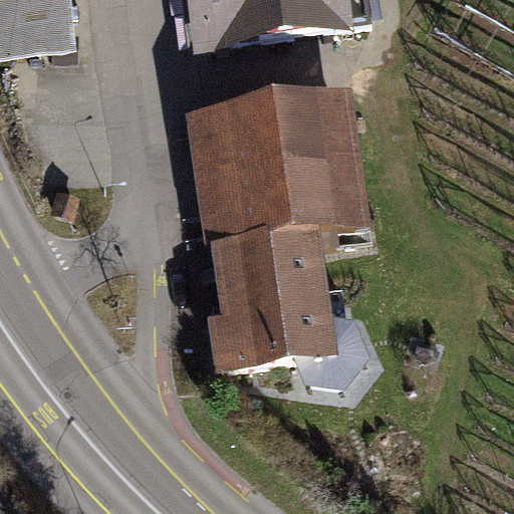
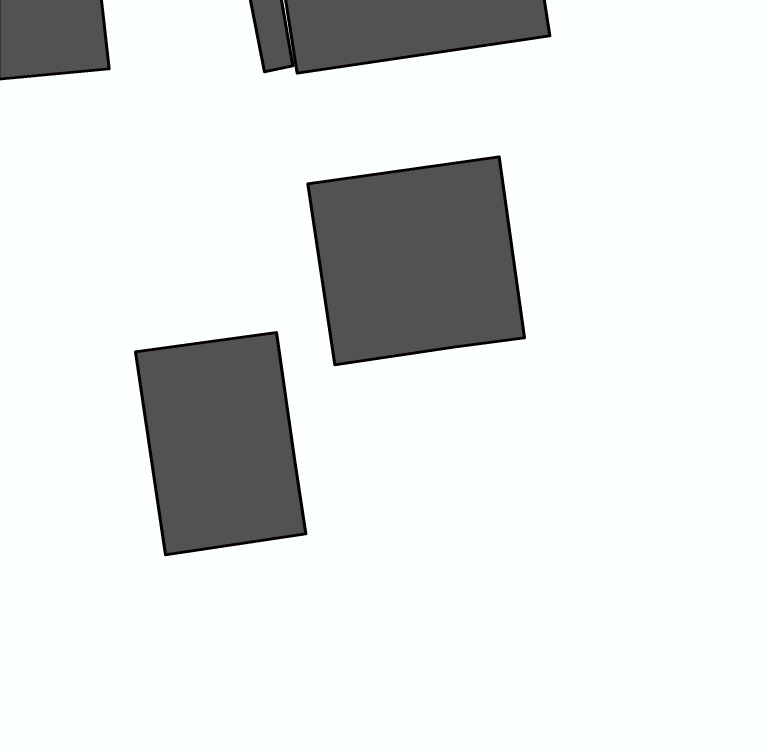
building: none -> [136,333,306,555]
building: [215,233,358,386] -> none

